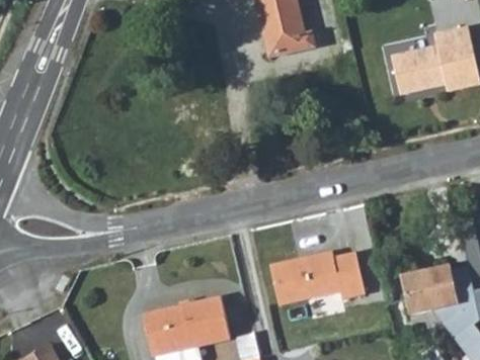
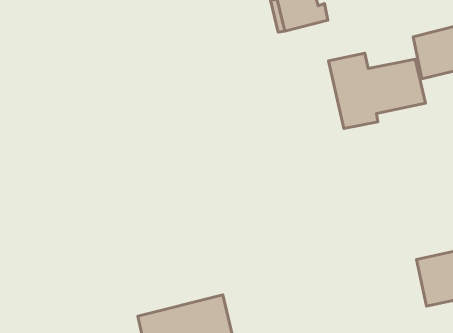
building: none -> [329,53,425,129]
building: [268,251,364,305] -> none

